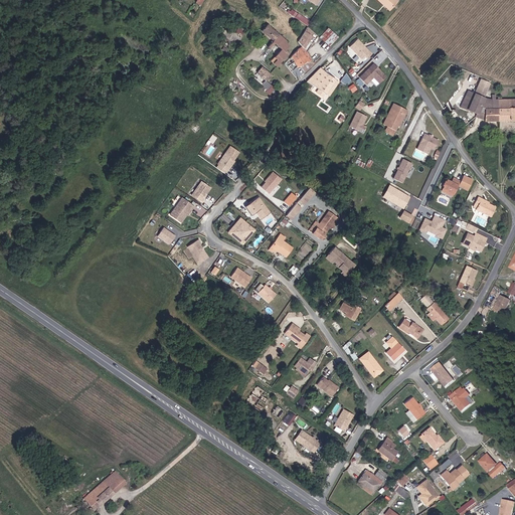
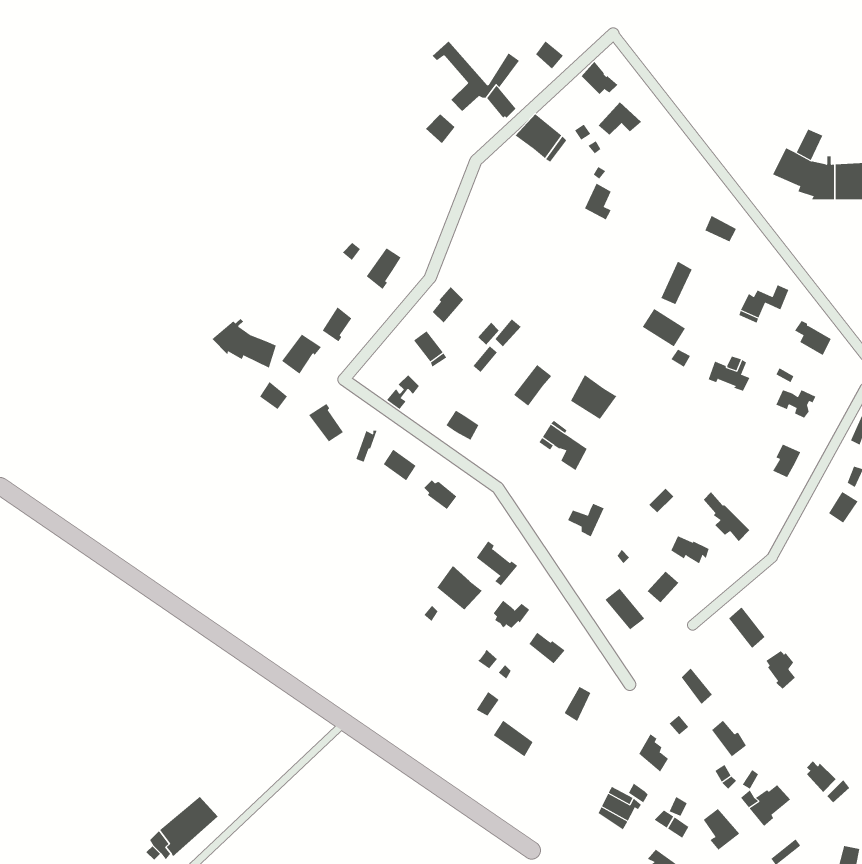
building: [382,100,405,131] -> none
building: none -> [212,318,277,369]
building: none -> [570,374,617,420]
building: none -> [437,565,483,611]

